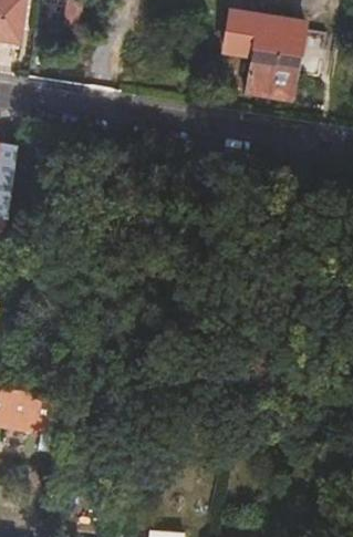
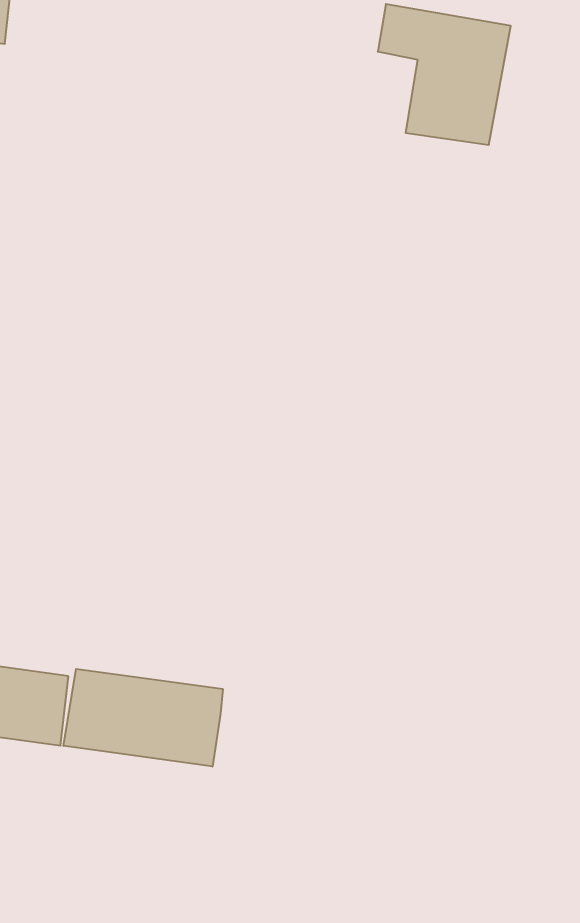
building: none -> [64,669,223,767]

